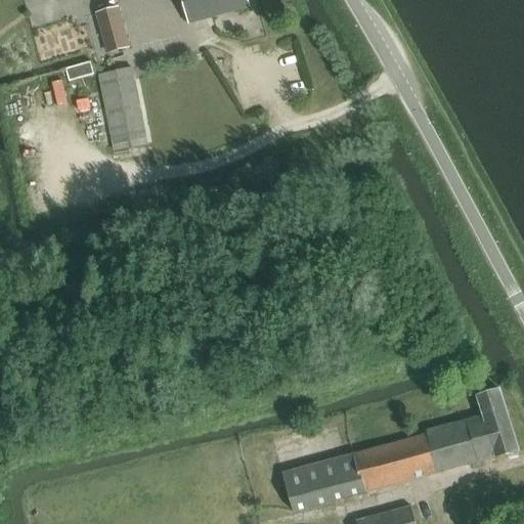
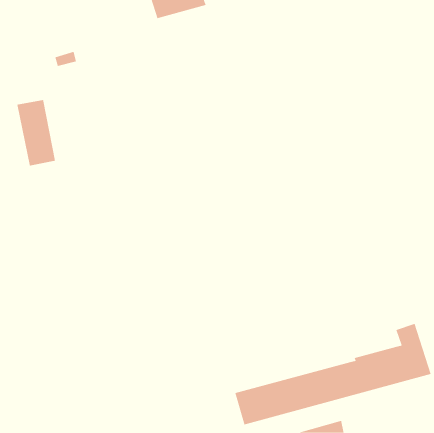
building: [95,6,127,50] -> none
building: [98,69,145,148] -> [16,100,56,166]

